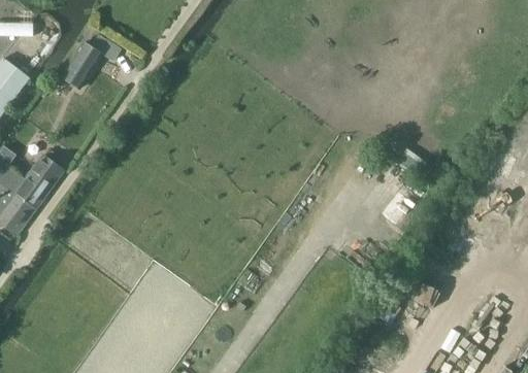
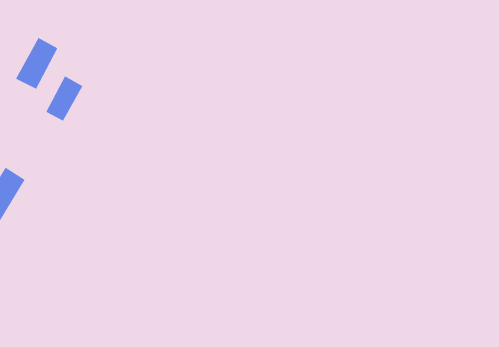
building: none -> [46,76,83,122]

